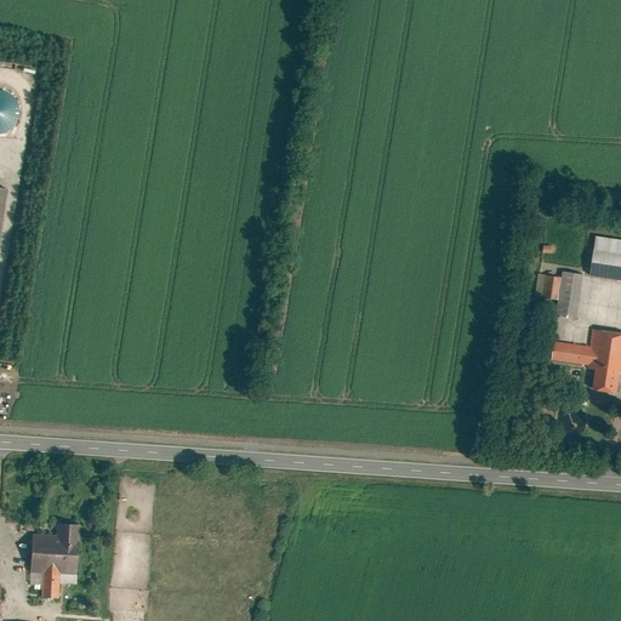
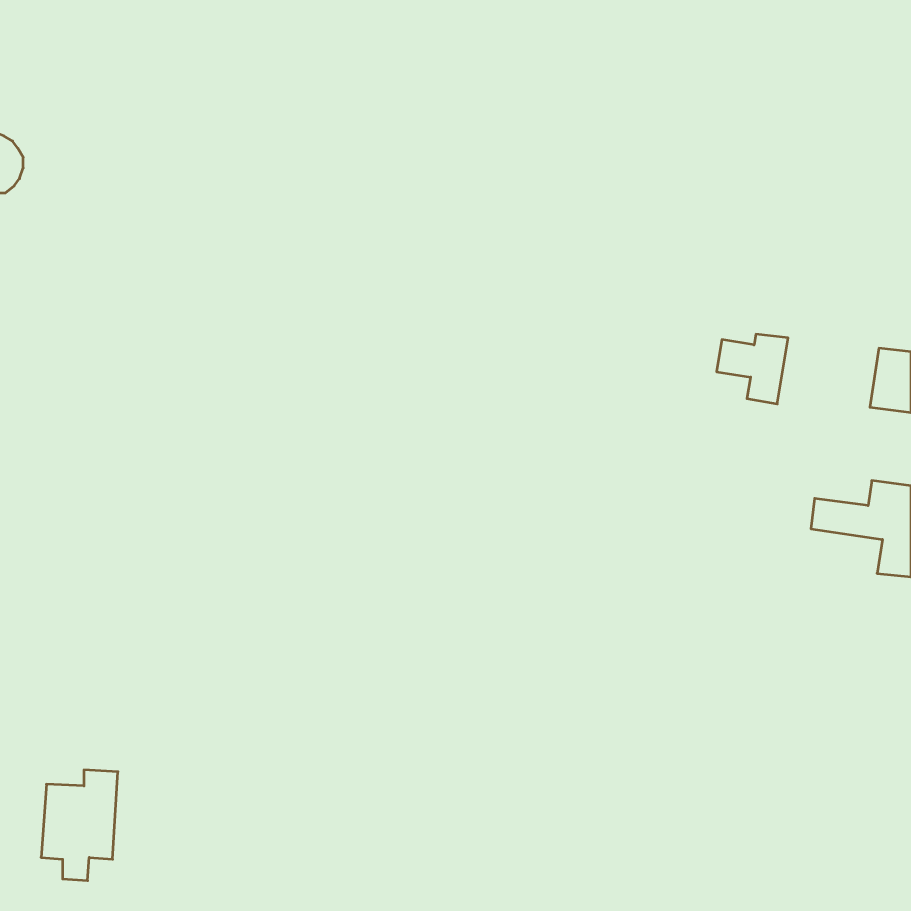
building: [536,272,585,319] -> [717,334,788,404]

